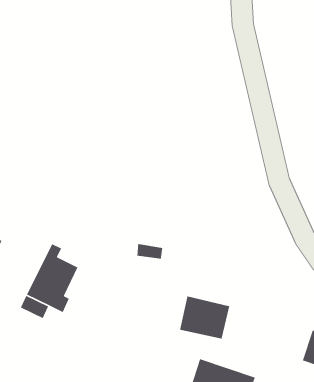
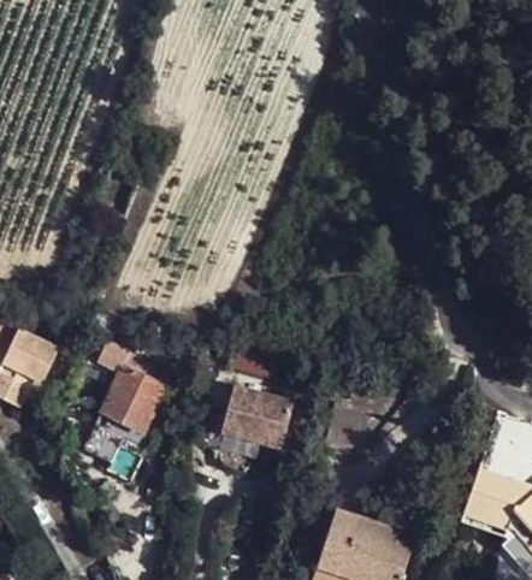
building: [179,295,230,340] -> [224,387,295,449]

